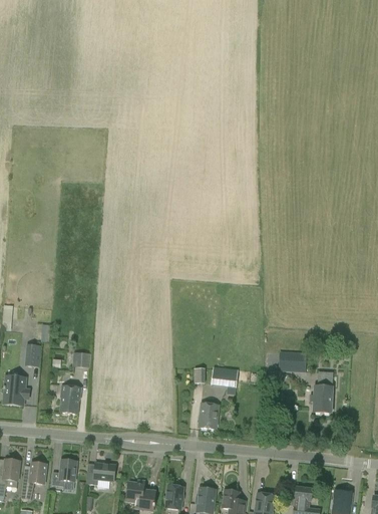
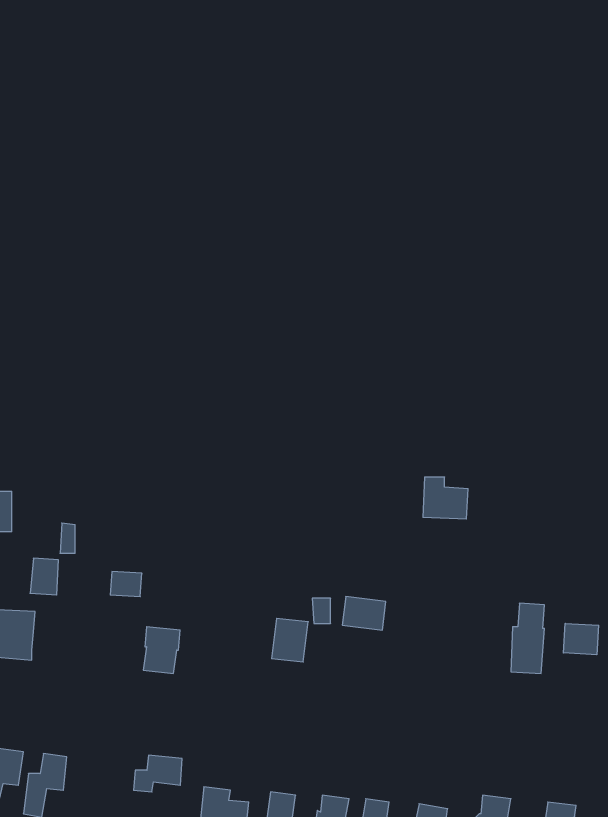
building: [279,346,306,371] -> [423,477,468,519]
building: none -> [563,623,599,655]
building: [59,386,81,414] -> [143,627,180,673]
building: [198,403,220,429] -> [272,618,308,662]
building: [51,460,77,486] -> none

